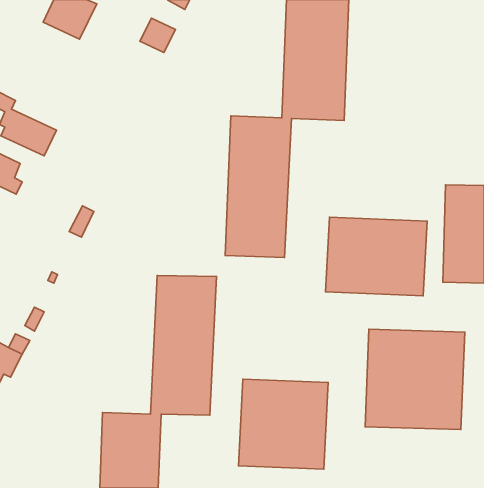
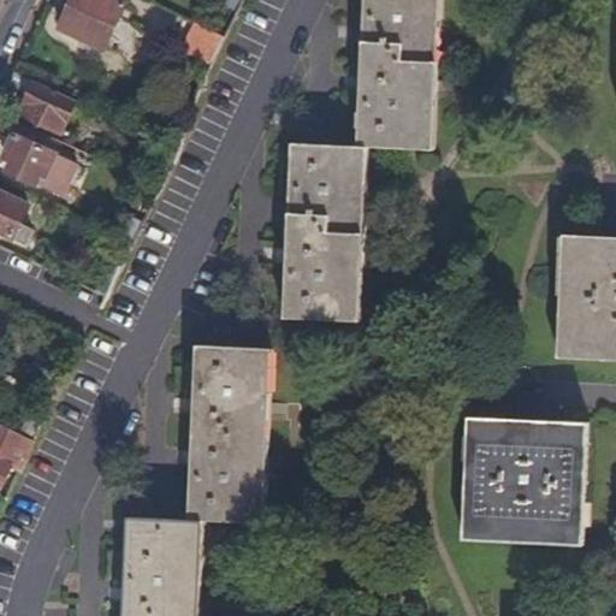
building: none -> [16,84,70,134]
building: [326,217,427,296] -> none
building: [239,379,328,469] -> none

